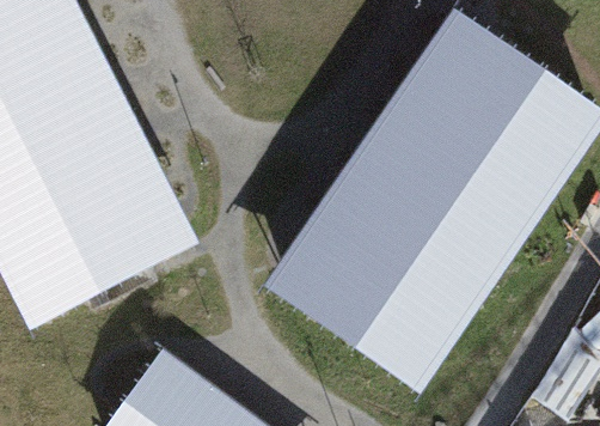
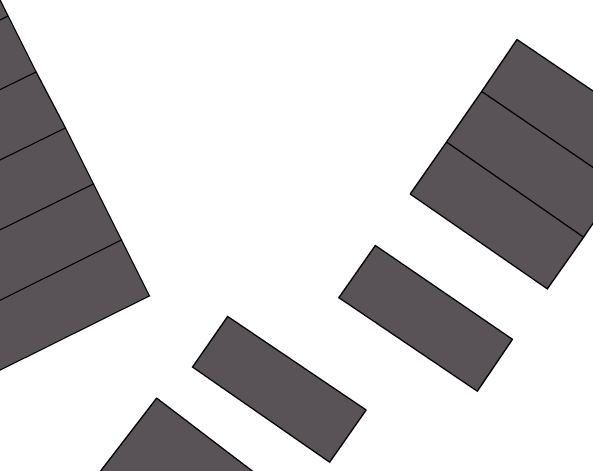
building: [355,171,502,296] -> none
building: [294,260,442,384] -> [192,316,366,462]

